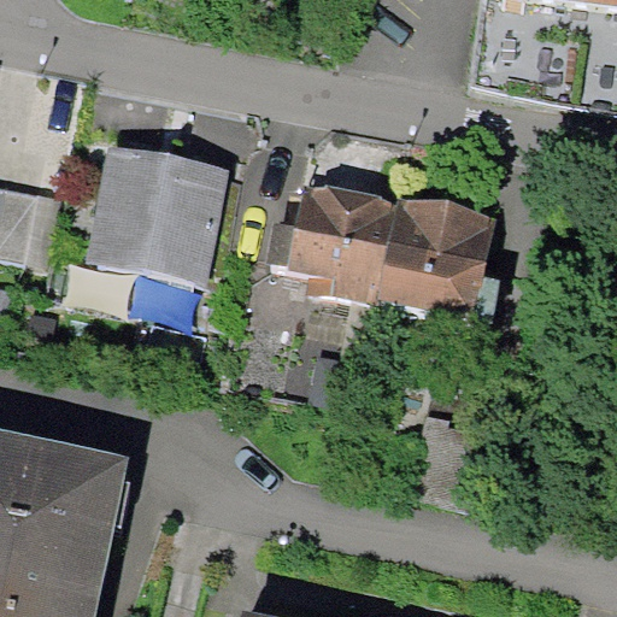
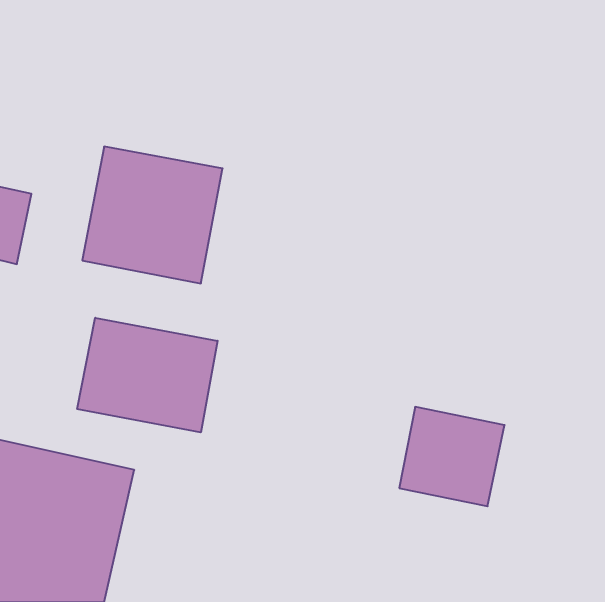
building: [281,180,494,323] -> none
building: none -> [77,318,218,432]

